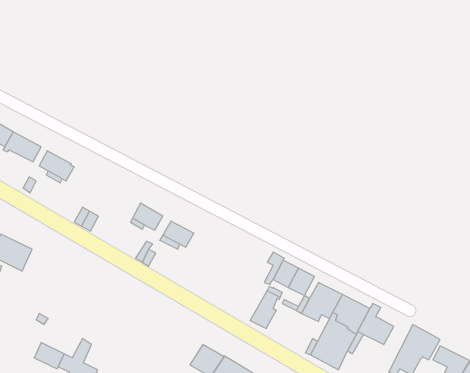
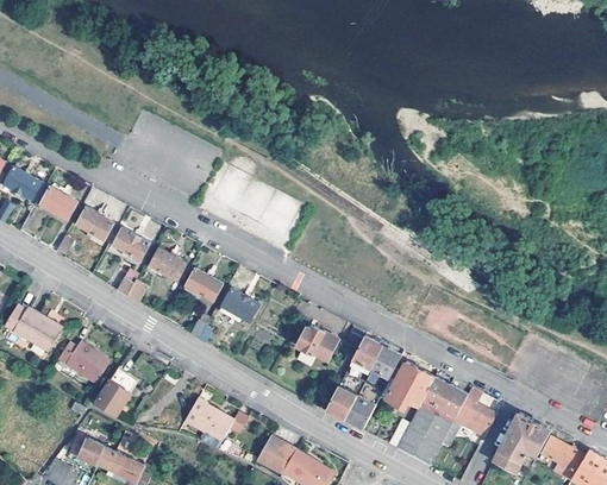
building: none -> [112,228,149,260]
building: none -> [148,248,184,281]
building: none -> [296,327,338,361]
building: none -> [64,338,117,378]
building: none -> [95,370,136,414]
building: none -> [183,392,248,436]
building: none -> [344,396,375,428]

